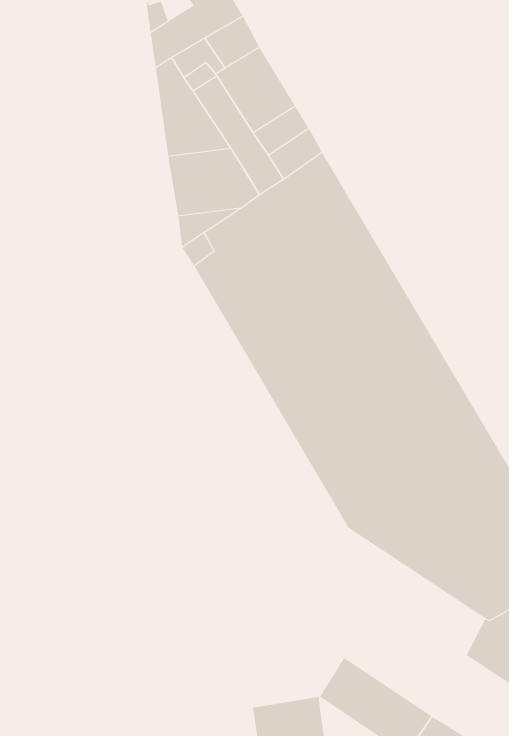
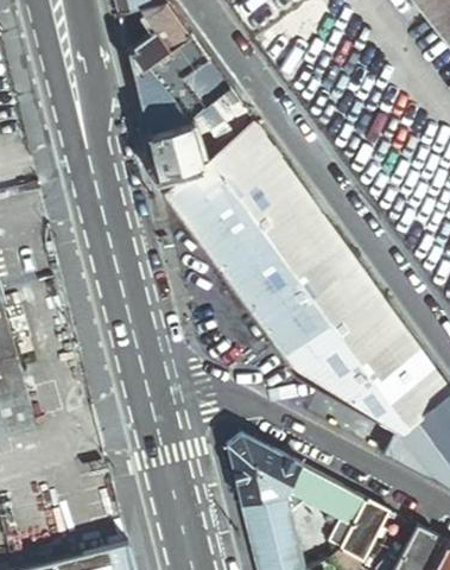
building: none -> [226,431,300,504]

